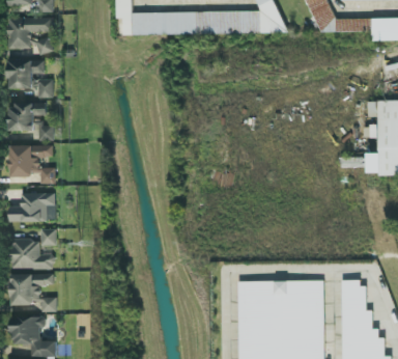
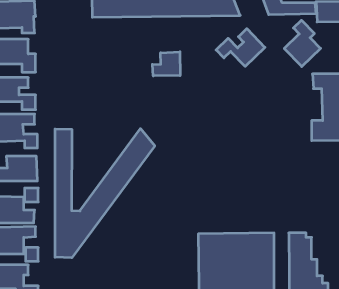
building: none -> [284,20,321,67]
building: none -> [216,29,265,66]
building: none -> [152,52,180,76]
building: none -> [55,129,155,258]

